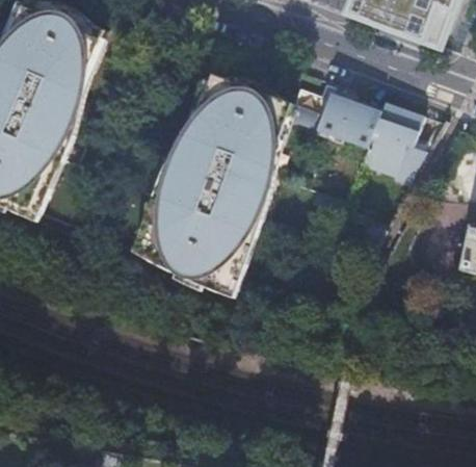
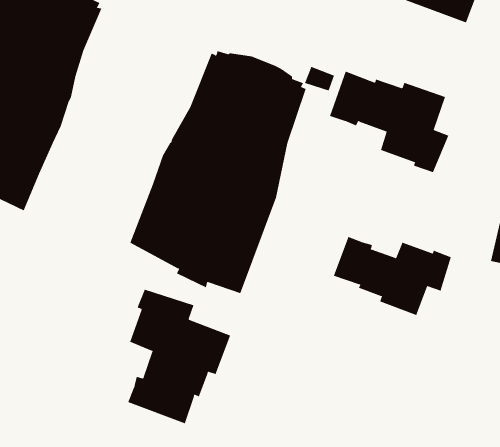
building: none -> [333,236,451,316]
building: none -> [128,289,231,424]

